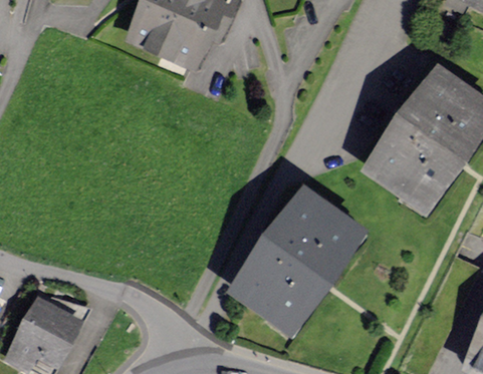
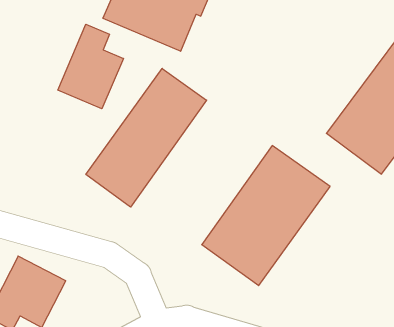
building: none -> [58,24,123,109]
building: none -> [86,68,207,207]

